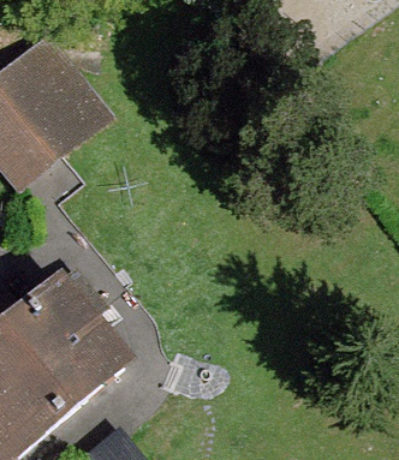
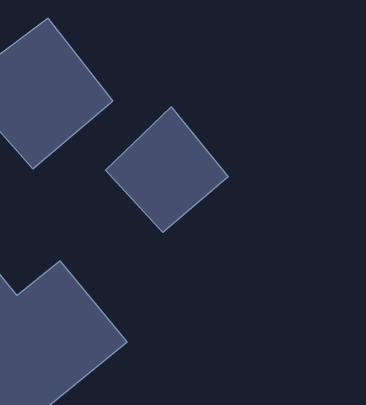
building: none -> [105,107,228,232]

